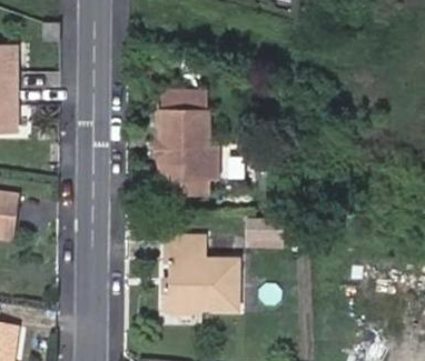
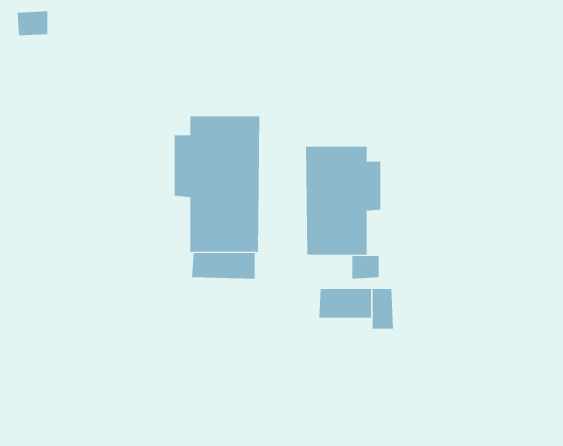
building: none -> [305,146,381,256]
building: [164,235,236,309] -> none

